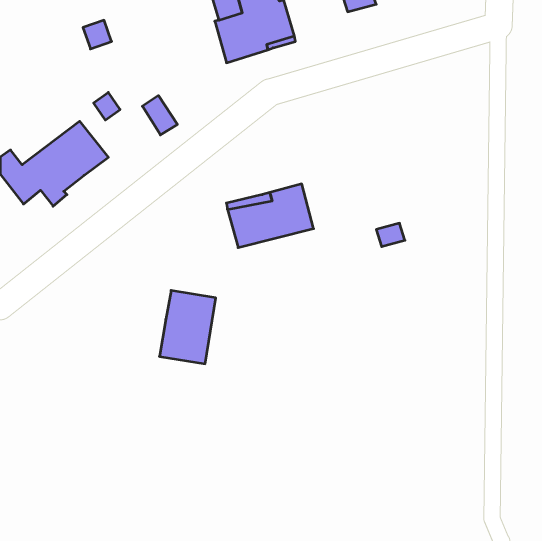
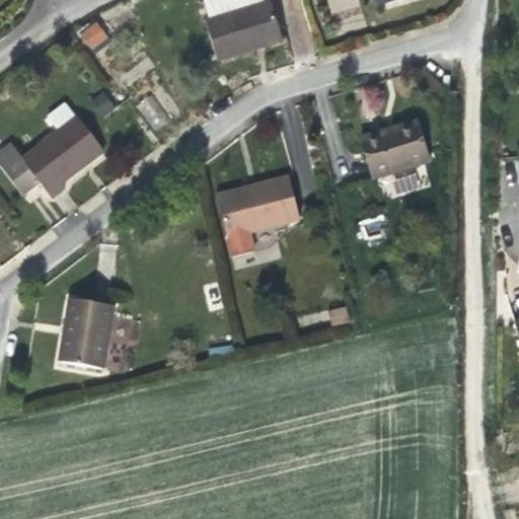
building: none -> [361,120,430,177]
building: [159,290,216,364] -> [60,298,114,368]

